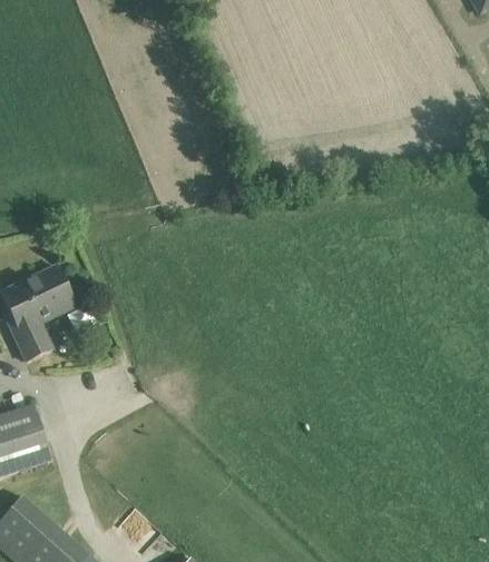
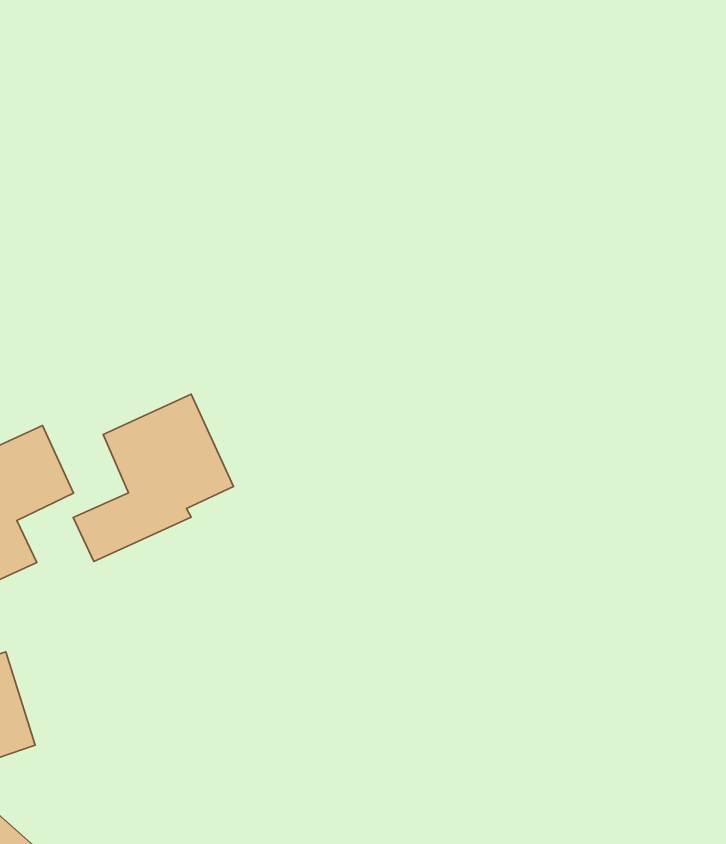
building: none -> [73,394,233,562]

